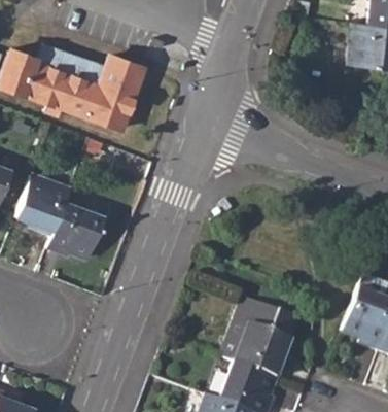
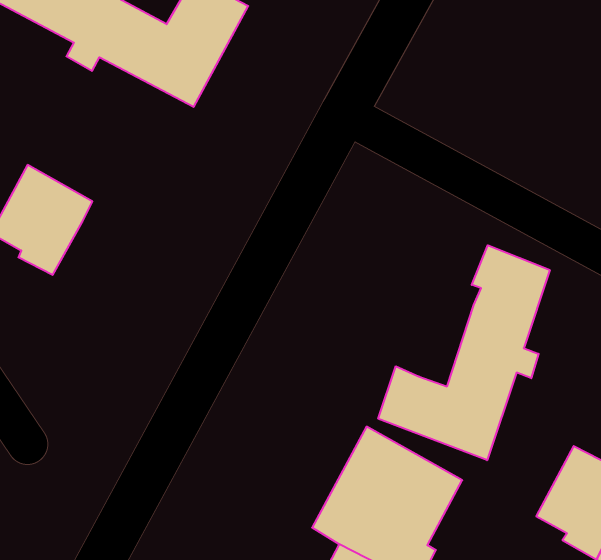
building: none -> [378,245,550,460]
building: [47,203,103,259] -> none

